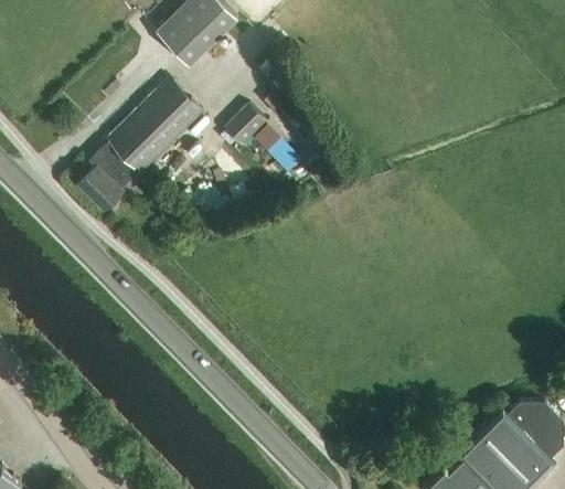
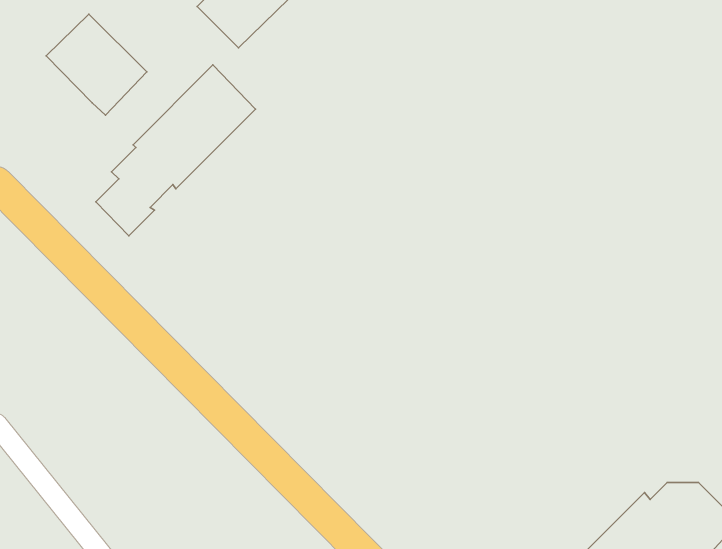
building: none -> [46,14,147,115]
building: [223,103,268,148] -> none

